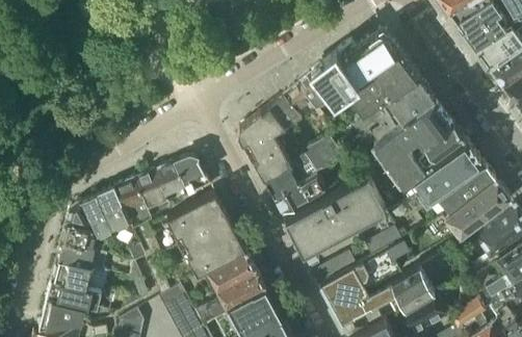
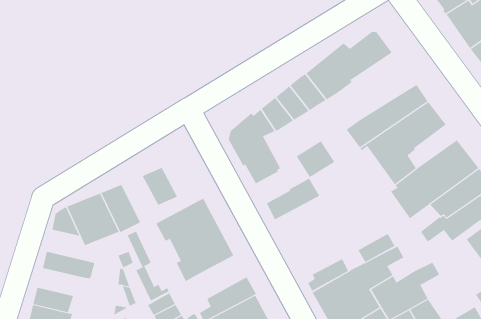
building: [348,55,424,122] -> none
building: [416,126,464,168] -> none
building: [175,161,211,197] -> none
building: [266,172,299,203] -> none
building: [135,176,174,222] -> none
building: [286,178,387,256] -> none
building: [61,229,109,261] -> none
building: [207,253,258,296] -> none
building: [52,266,98,294] -> none

